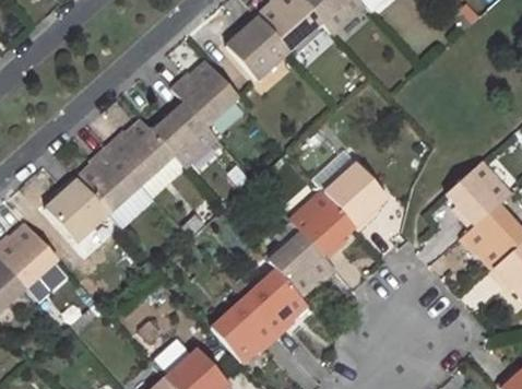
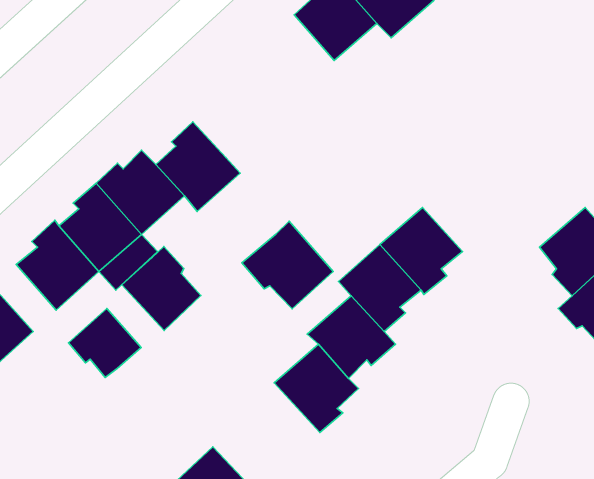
building: [227,13,289,80] -> none
building: [173,62,239,126] -> none
building: none -> [242,221,333,309]
building: none -> [122,247,201,331]
building: none -> [68,309,141,378]
building: [212,298,278,362] -> none

